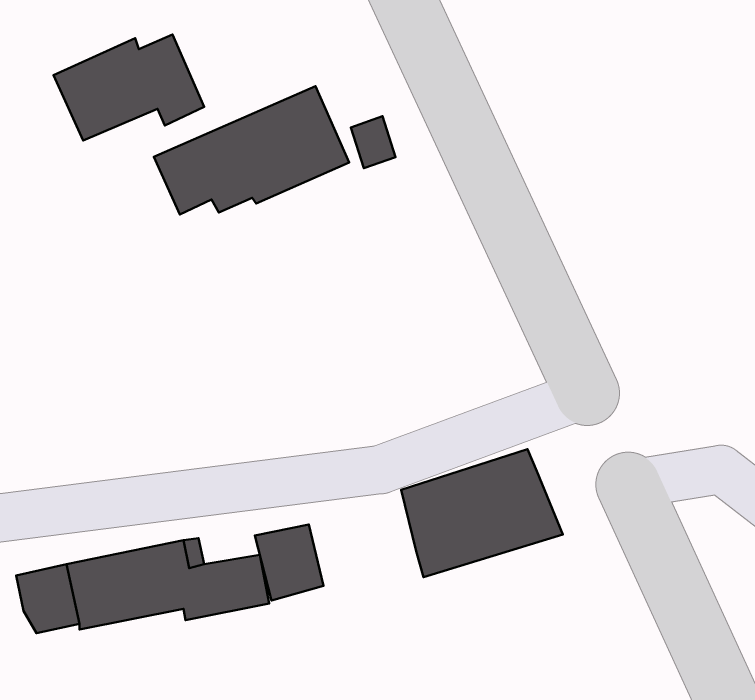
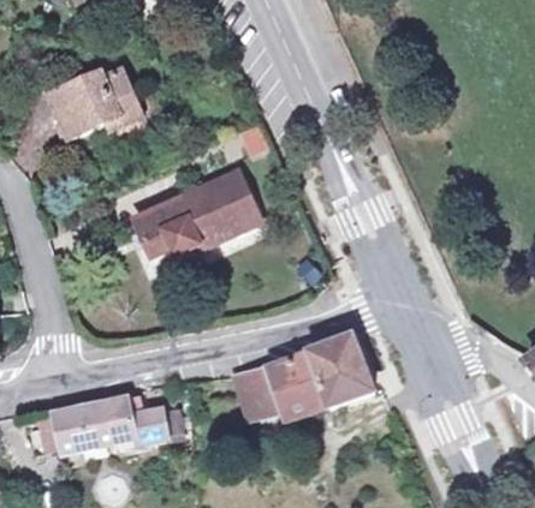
building: [154,86,349,215] -> [132,172,258,255]
building: [255,524,324,601] -> [237,363,281,412]

